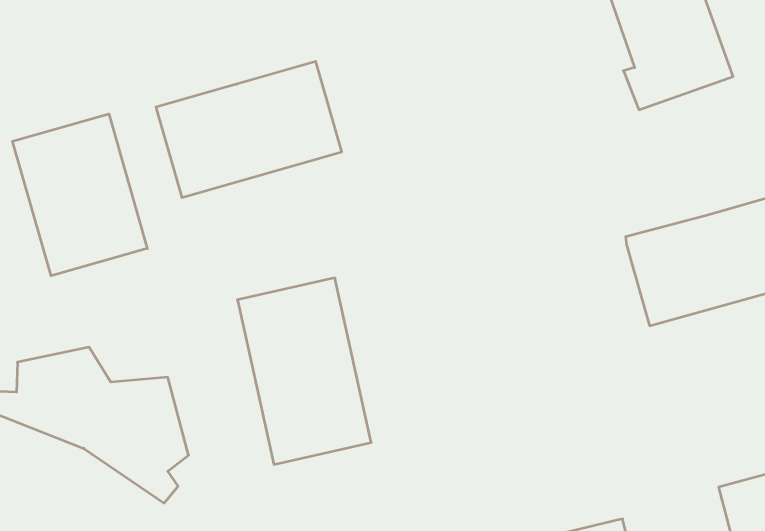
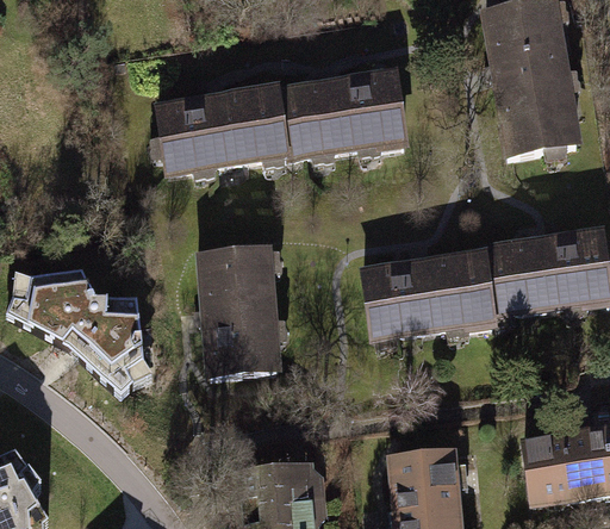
building: none -> [278,73,407,156]
building: [13,114,147,276] -> none
building: none -> [363,253,493,336]

